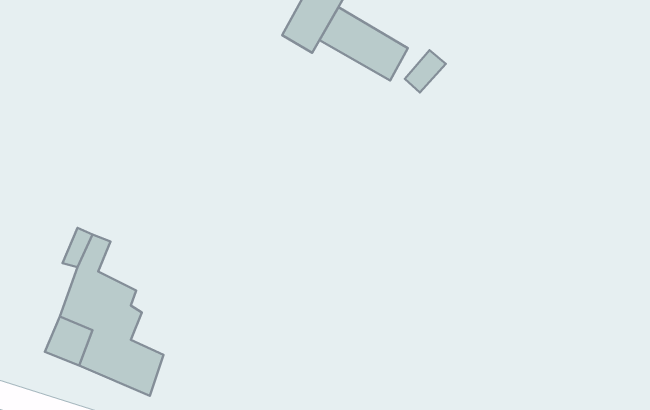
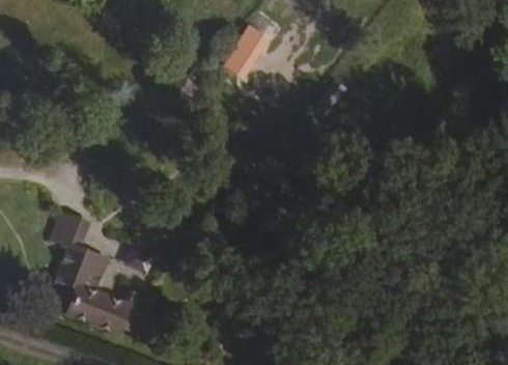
building: [320,7,408,80] -> none

